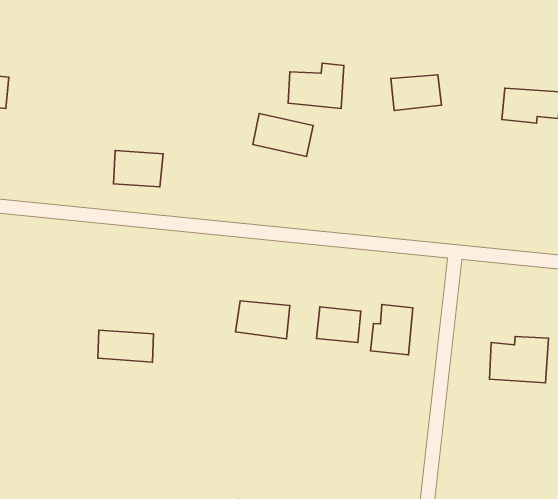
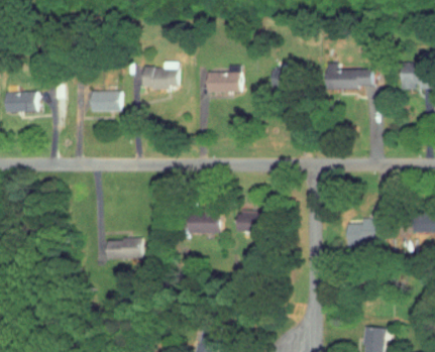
building: [253,113,313,157] -> [140,67,176,90]
building: [113,151,163,187] -> [88,91,117,112]
building: [370,305,413,355] -> none

